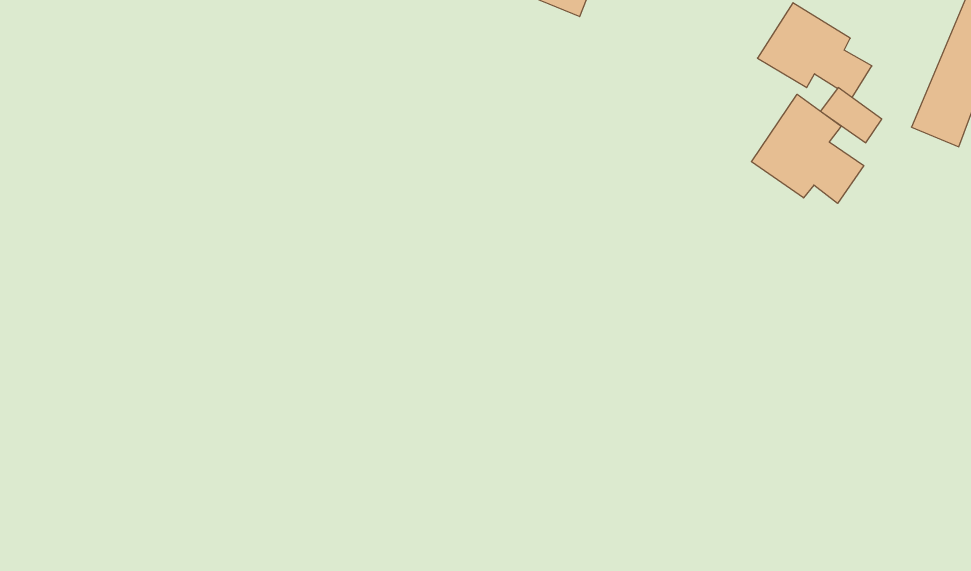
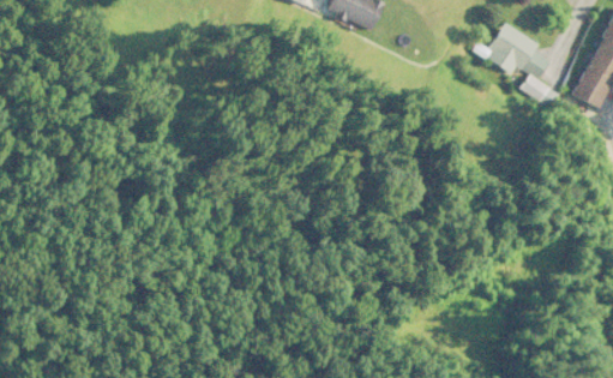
building: [751,94,864,203] -> none

